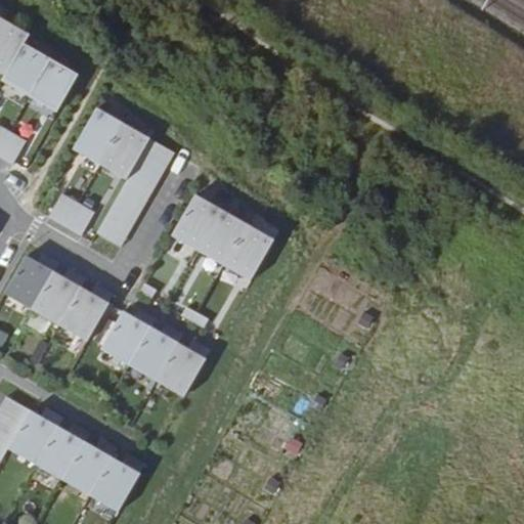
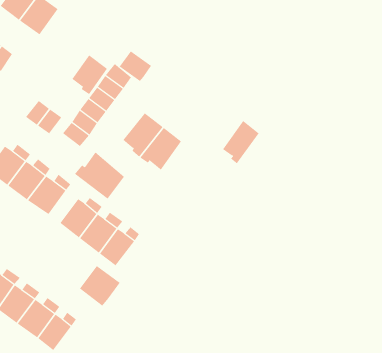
building: [72,118,118,165] -> none
building: none -> [119,51,152,82]
building: [223,227,267,282] -> [222,120,260,164]
building: none -> [74,152,125,199]
building: none -> [79,265,120,307]

